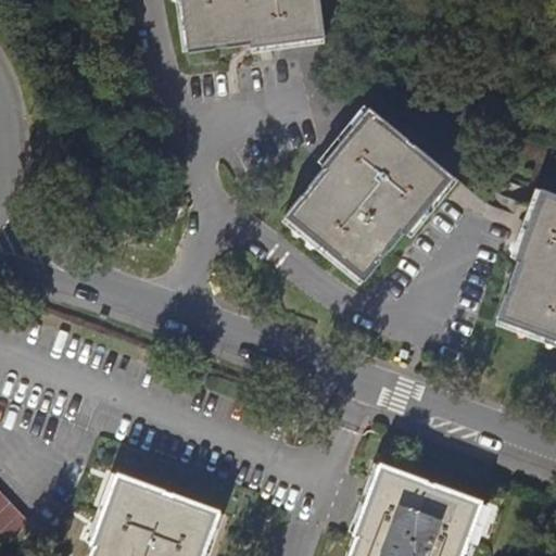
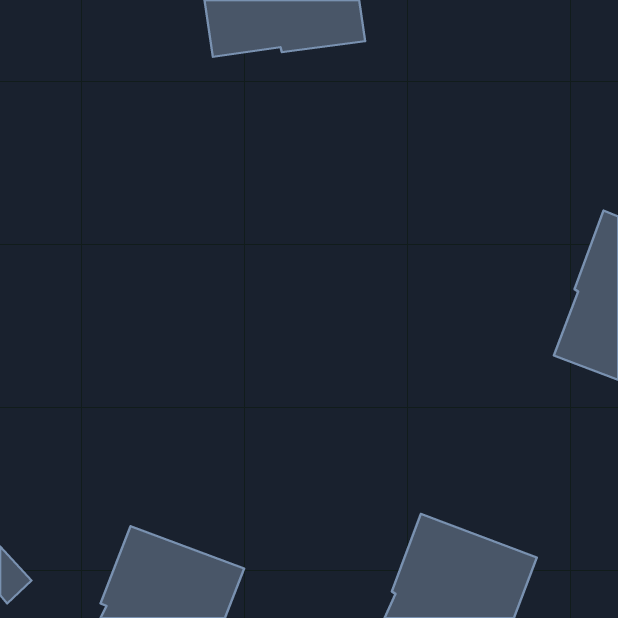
building: [286,108,455,281] -> none

